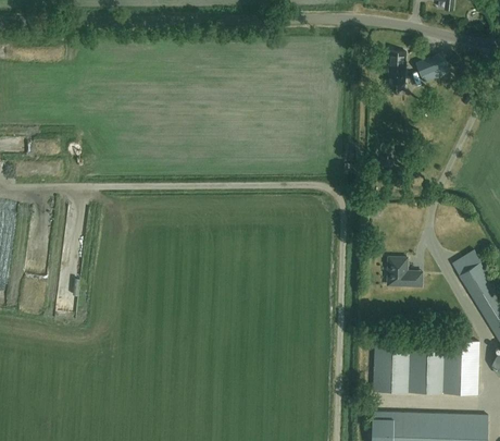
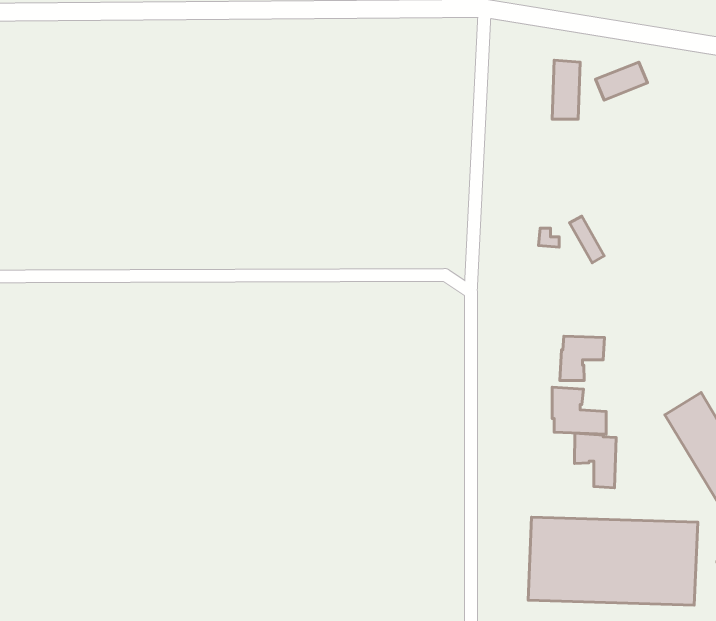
building: none -> [560,336,604,381]
building: none -> [575,433,616,488]

